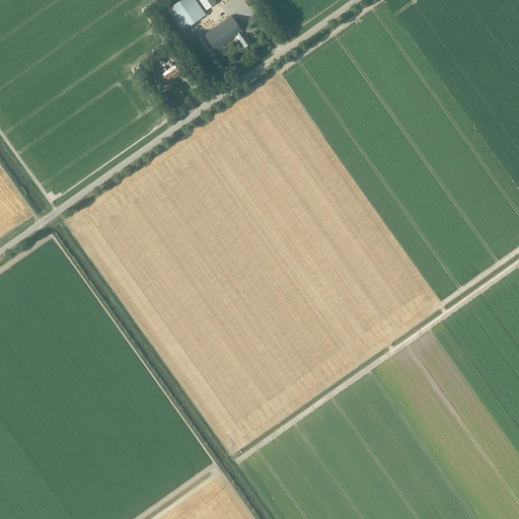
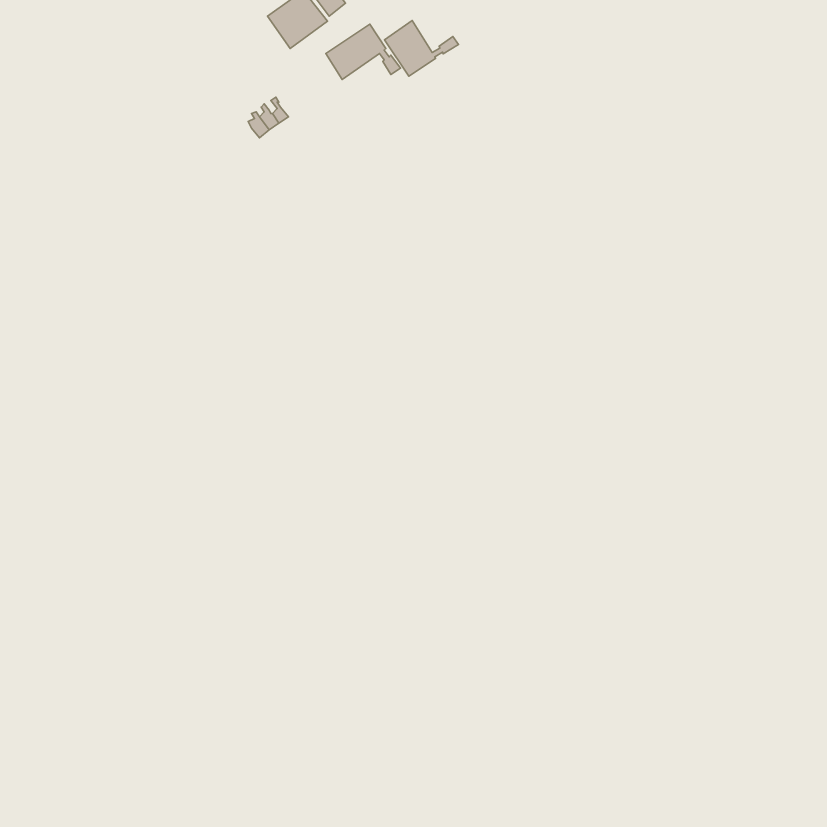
building: none -> [385,21,458,76]

